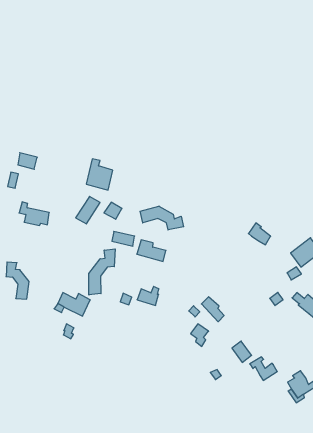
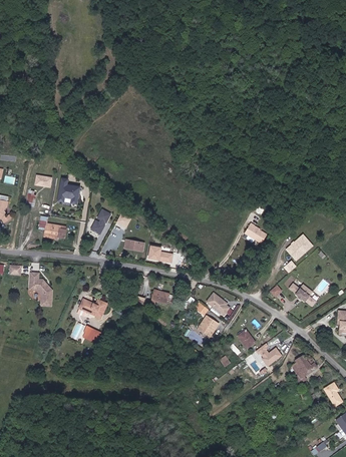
building: [86,159,113,190] -> [56,178,79,205]
building: [140,206,184,230] -> none
building: [89,249,115,295] -> none

